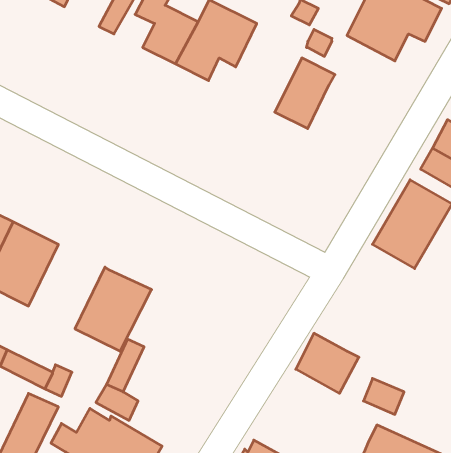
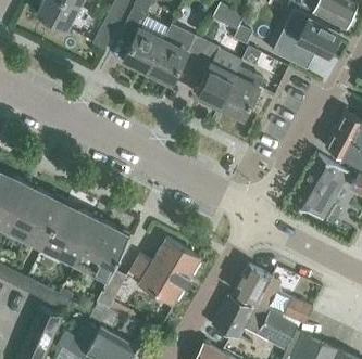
building: none -> [191,43,241,107]
building: none -> [41,203,97,264]
building: none -> [128,239,200,305]
building: none -> [212,297,297,346]

